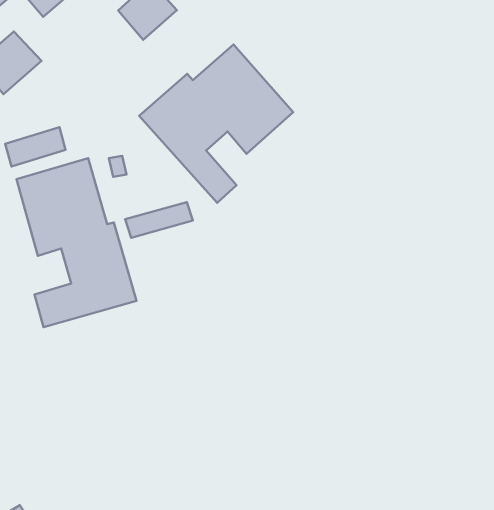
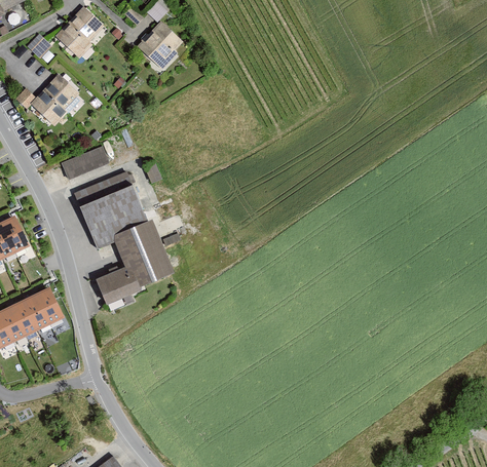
building: [139,45,293,203] -> none
building: [125,202,193,238] -> none

